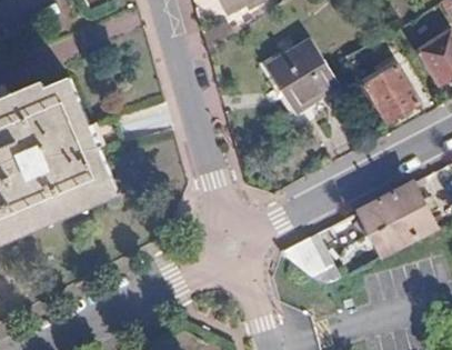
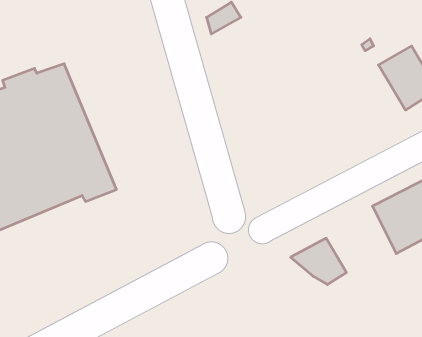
building: [265,38,338,112] -> none

